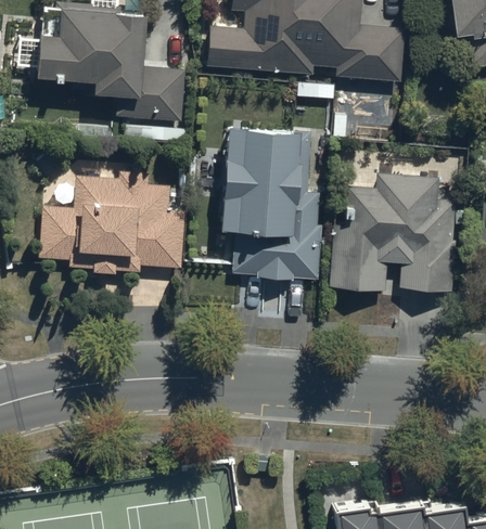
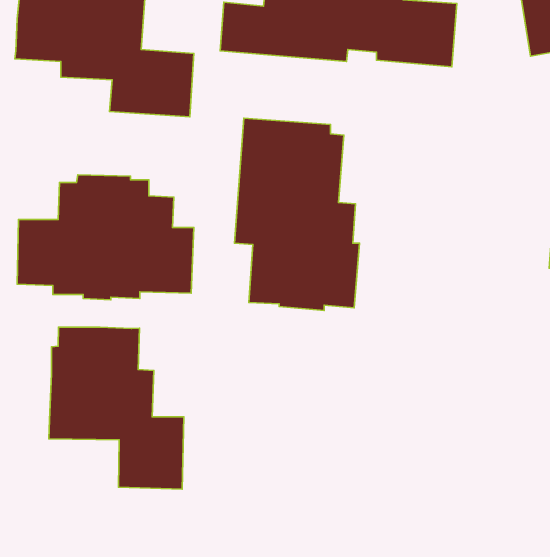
building: [329,171,458,294] -> none
building: none -> [49,327,184,489]

